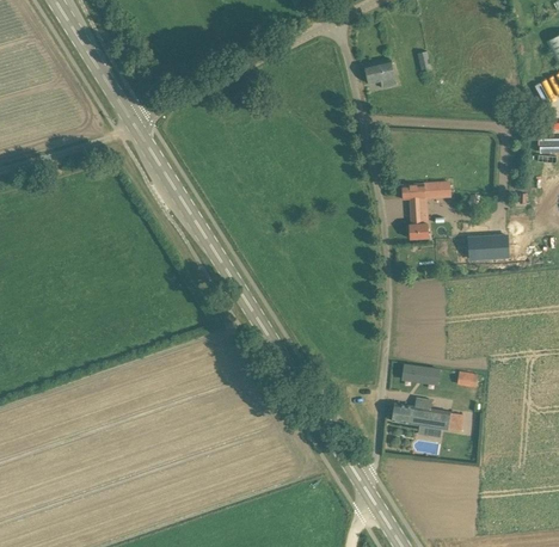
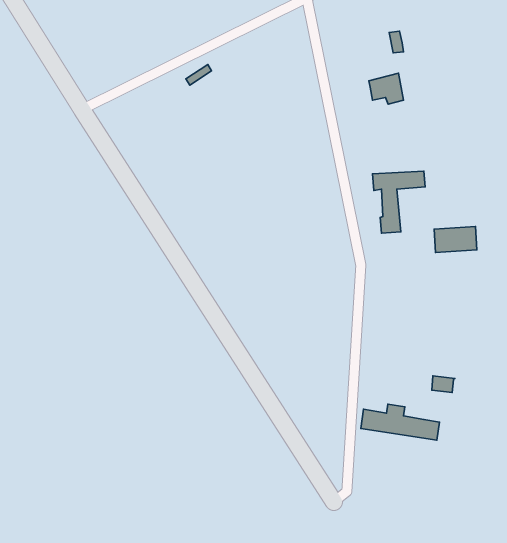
building: [364,60,397,88] -> [369,73,404,104]
building: [403,363,441,386] -> none

